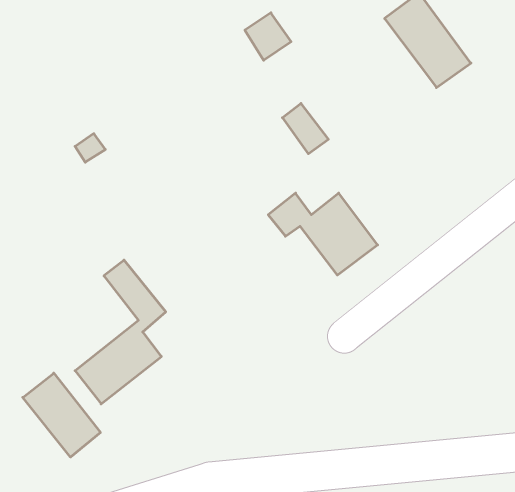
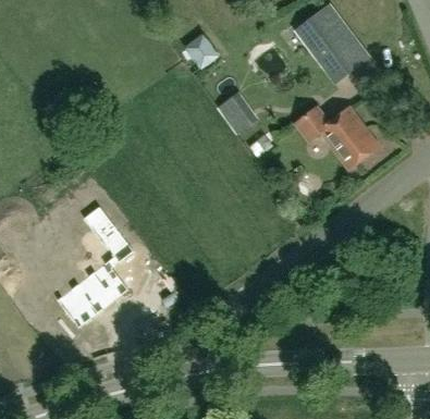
building: [268,193,378,275] -> [296,108,379,170]
building: [23,373,100,457] -> none

